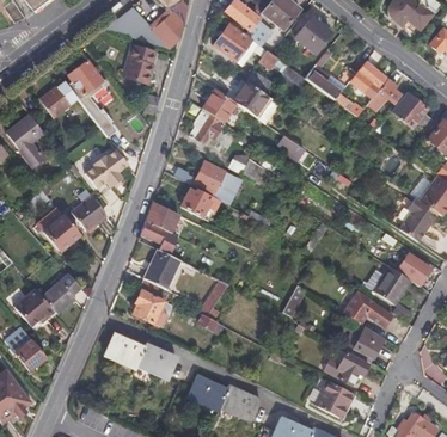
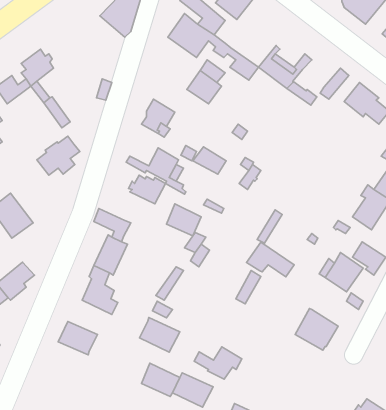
building: [298,18,332,54] -> none
building: [127,47,157,86] -> none
building: [350,62,388,99] -> none
building: [202,90,237,123] -> none
building: [73,196,109,232] -> none
building: [146,201,180,233] -> [167,204,201,236]
building: [344,293,392,327] -> [247,242,294,277]
building: [136,344,177,378] -> [139,318,180,352]
building: [322,353,369,386] -> [194,347,242,379]
building: [316,381,355,418] -> none

